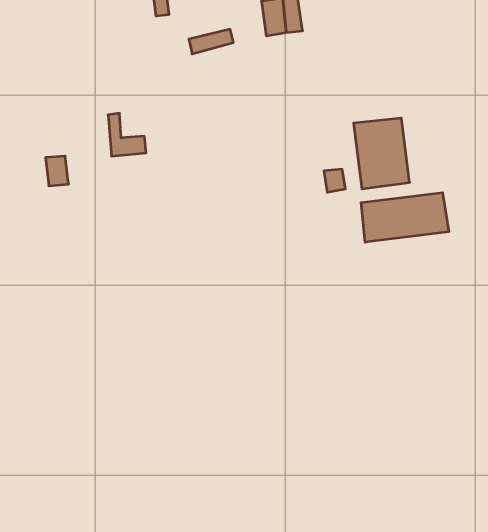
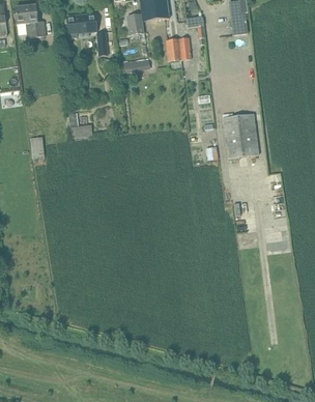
building: [361,193,449,242] -> none

